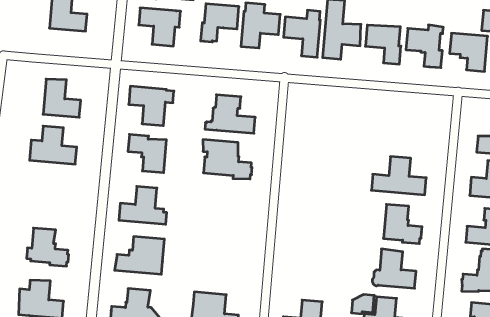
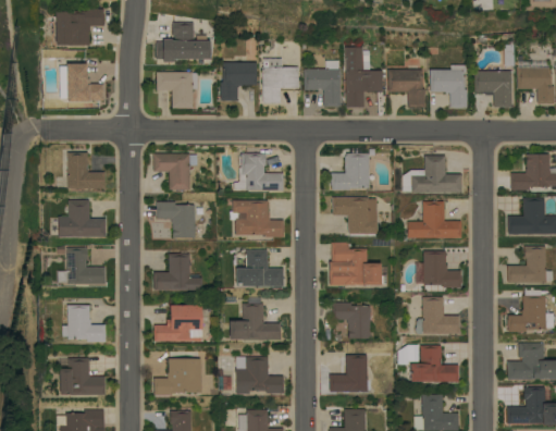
building: none -> [331,152,369,189]
building: none -> [403,156,461,192]
building: none -> [333,197,376,233]
building: none -> [58,246,104,287]
building: none -> [329,242,386,285]
building: none -> [235,249,283,286]
building: none -> [228,303,281,340]
building: none -> [332,301,372,338]

